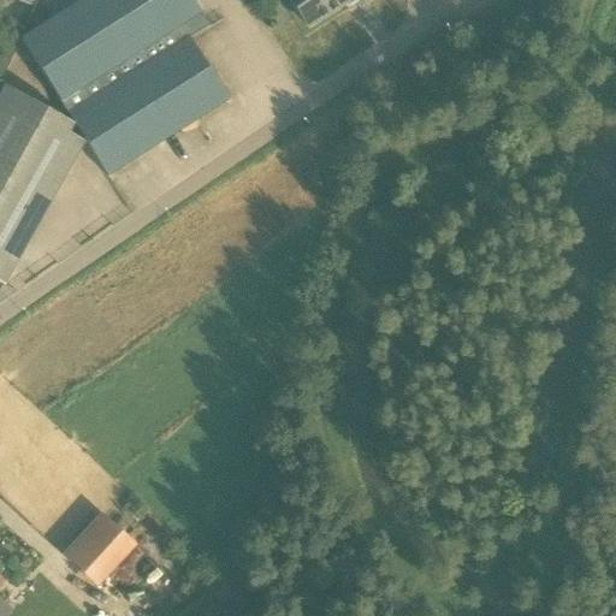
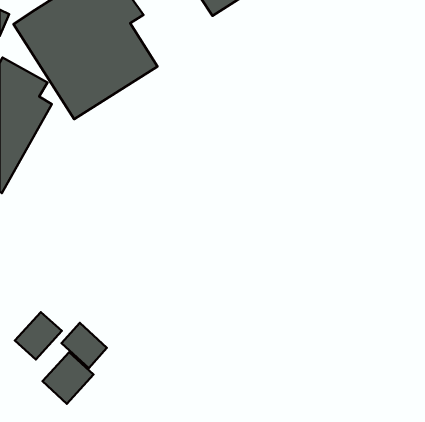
building: none -> [15,312,62,359]
building: none -> [62,323,107,368]

